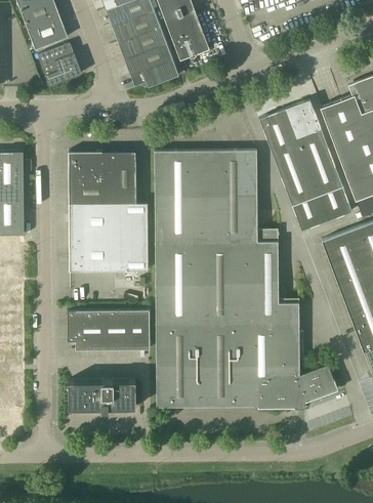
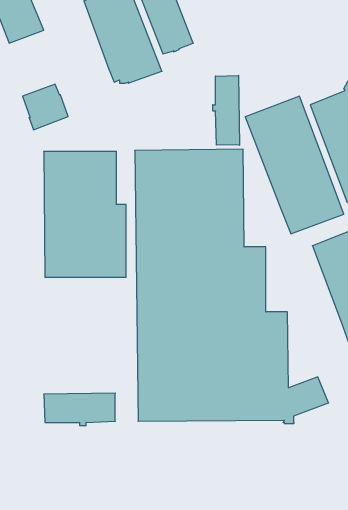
building: [38,43,81,86] -> [23,84,68,130]
building: none -> [213,75,239,145]
building: [67,310,150,349] -> none

